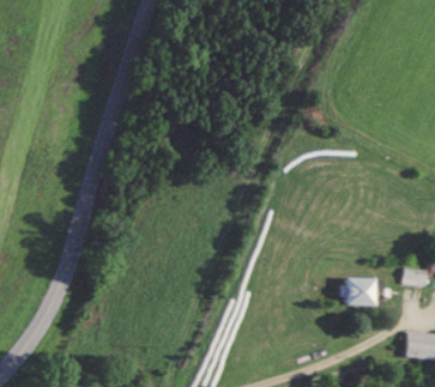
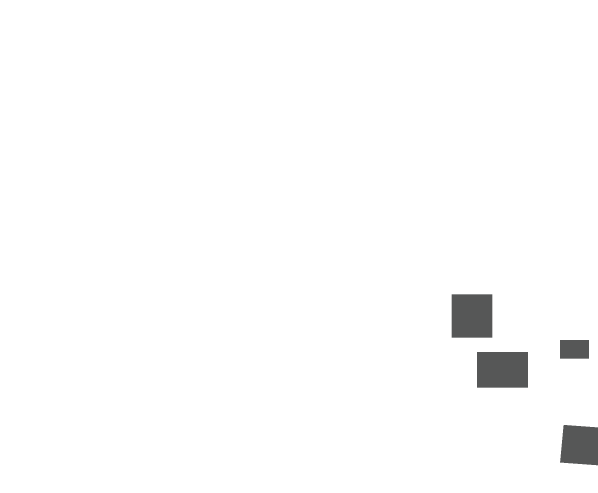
building: none -> [451,294,493,338]

